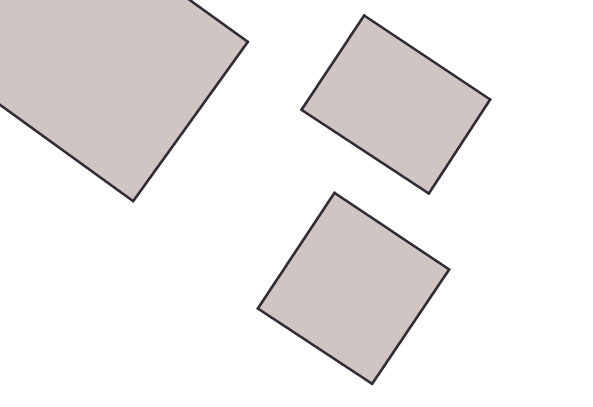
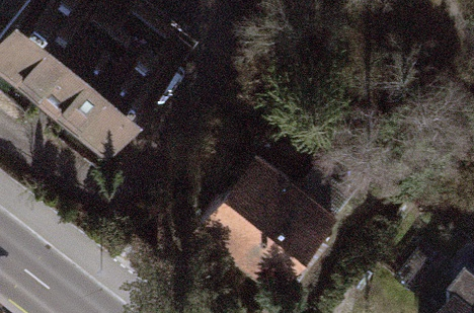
building: [301,16,490,194] -> none

